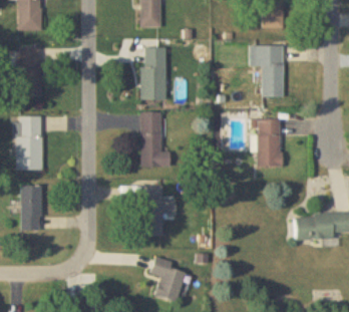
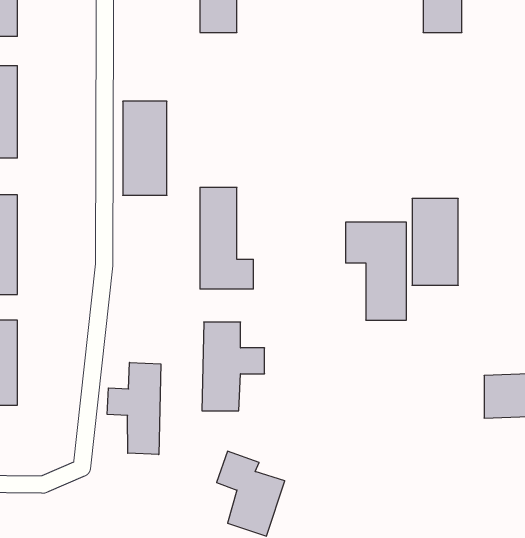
building: [250,45,283,98] -> [346,222,406,320]
building: [141,48,165,99] -> [123,101,167,195]
building: none -> [107,362,161,455]

